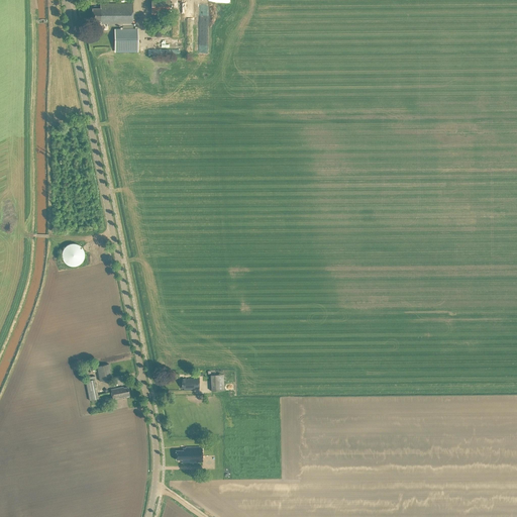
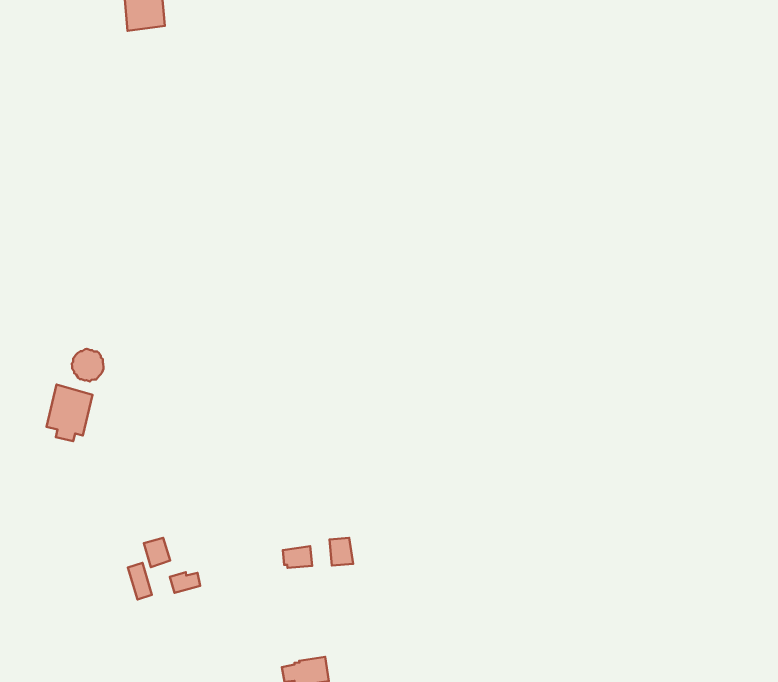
building: none -> [47,384,93,441]

